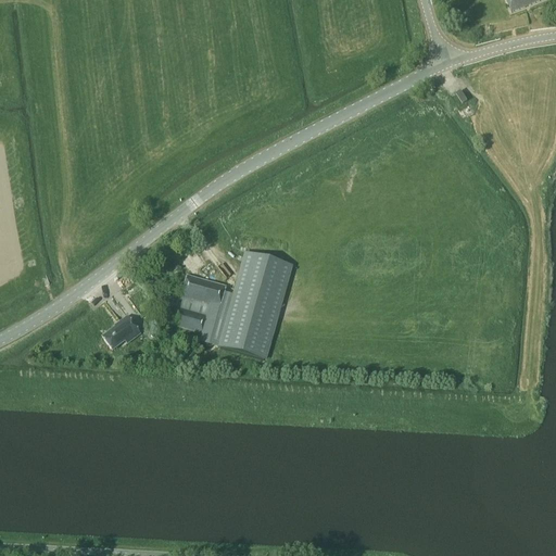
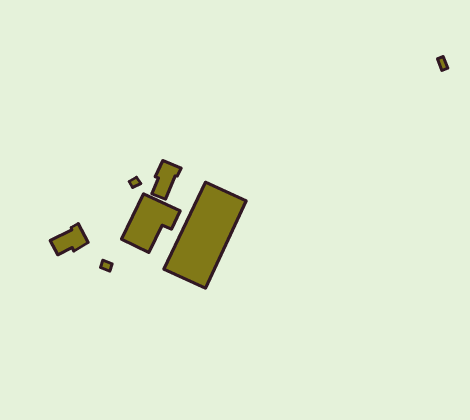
building: none -> [152,161,181,199]

